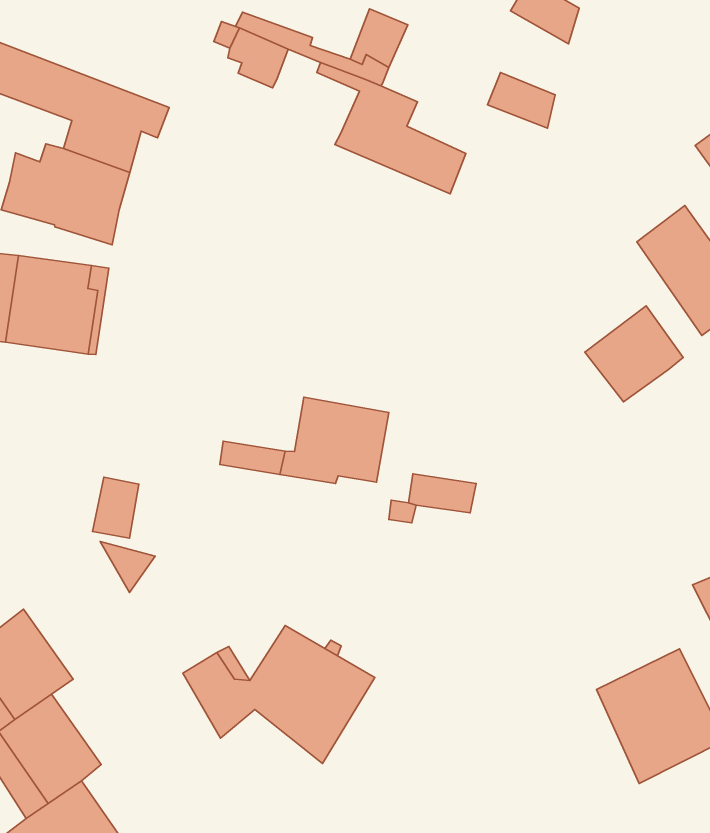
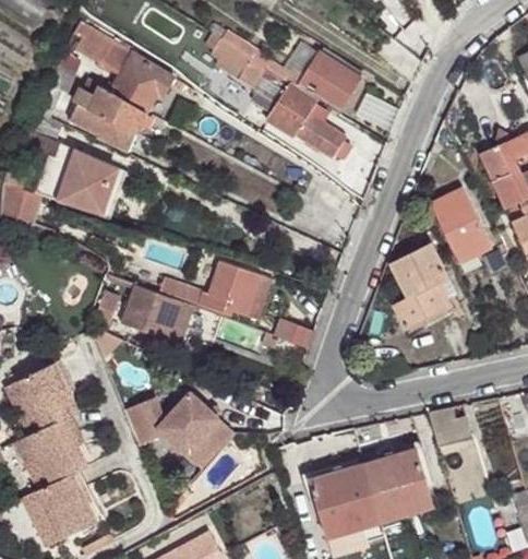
building: none -> [303,56,361,110]
building: none -> [242,58,289,112]
building: none -> [396,283,454,329]
building: none -> [124,284,197,345]
building: none -> [313,462,382,535]

